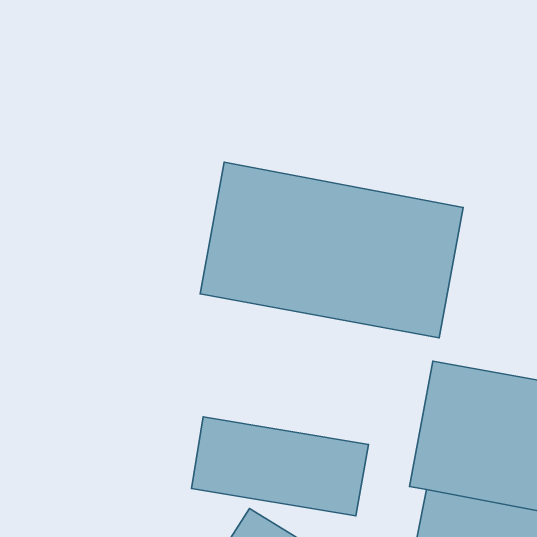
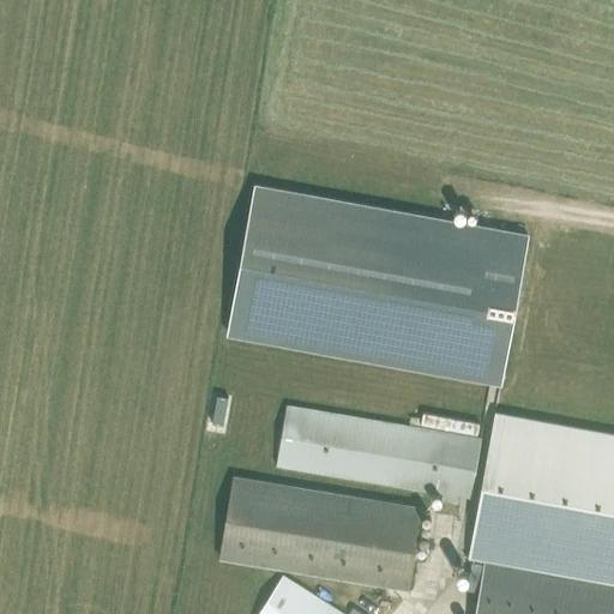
building: none -> [284,411,483,505]

